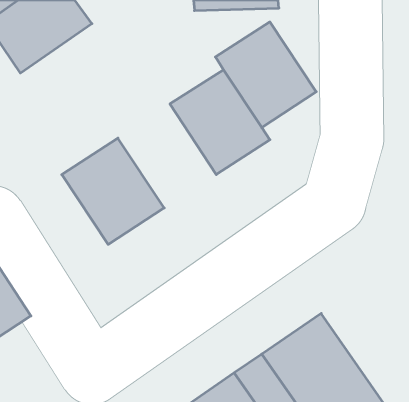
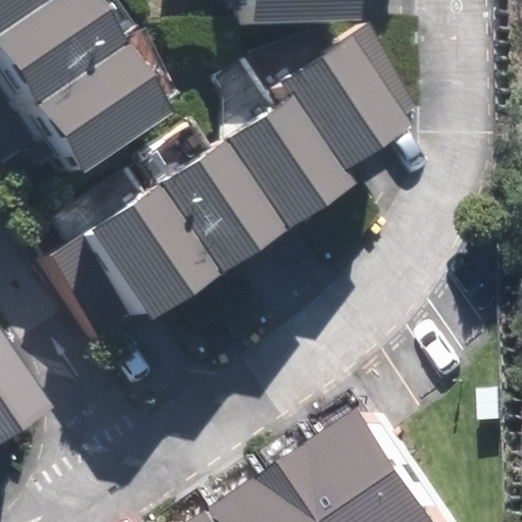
building: none -> [25,46,163,177]
building: none -> [148,147,271,277]

